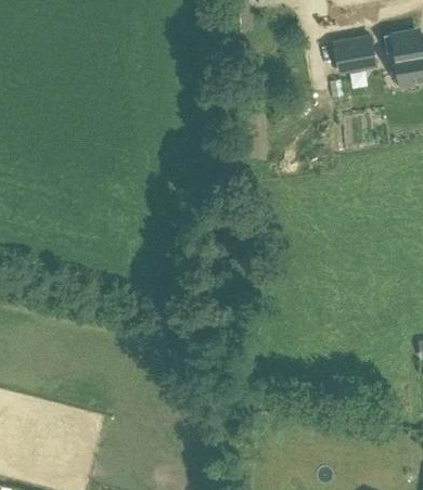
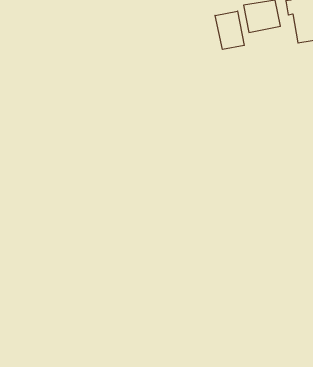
building: none -> [215,11,244,49]

